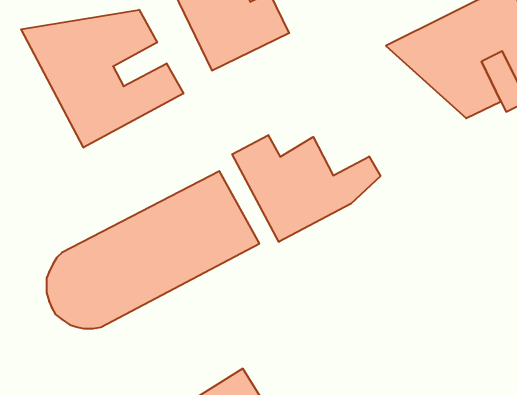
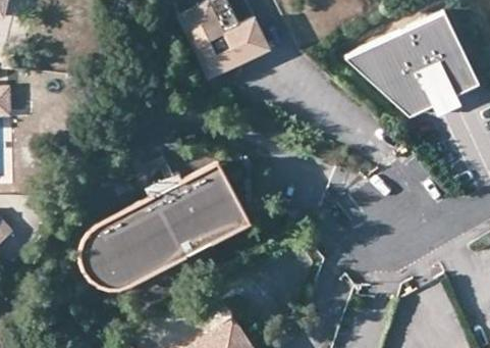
building: [21,10,183,148] -> none
building: [232,135,380,242] -> none

